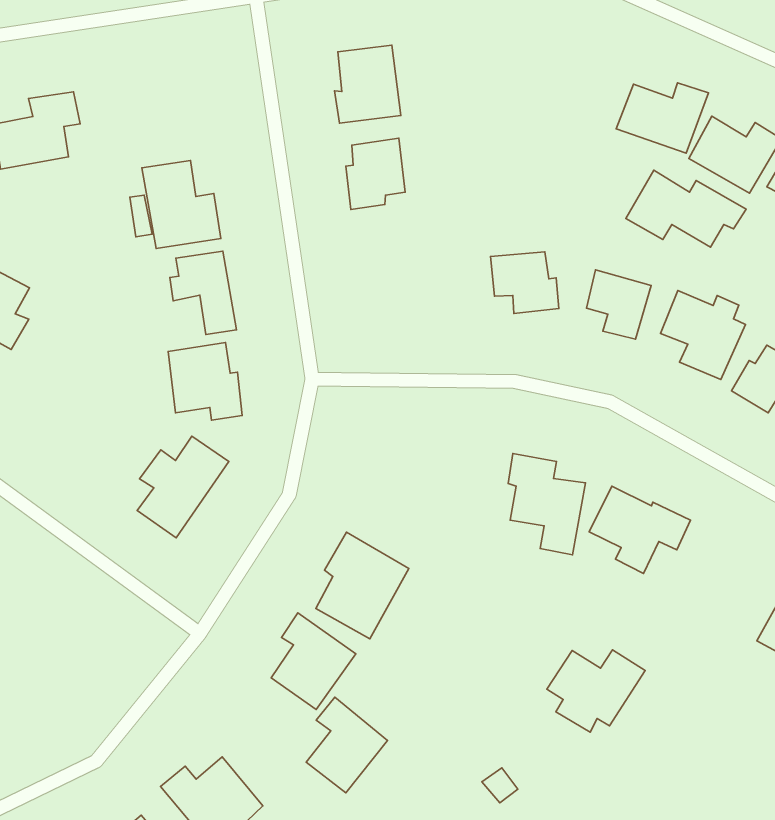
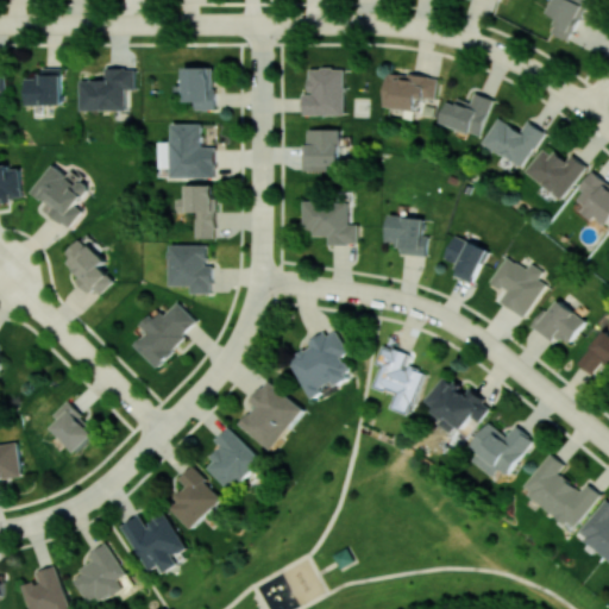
building: none -> [381,73,435,111]
building: none -> [437,93,490,137]
building: none -> [182,67,213,111]
building: [626,170,746,247] -> none
building: none -> [300,201,356,244]
building: none -> [61,238,113,299]
building: none -> [288,328,349,398]
building: none -> [49,401,95,453]
building: [547,650,645,732] -> [467,422,533,477]
building: [306,697,388,793] -> [165,466,220,529]

